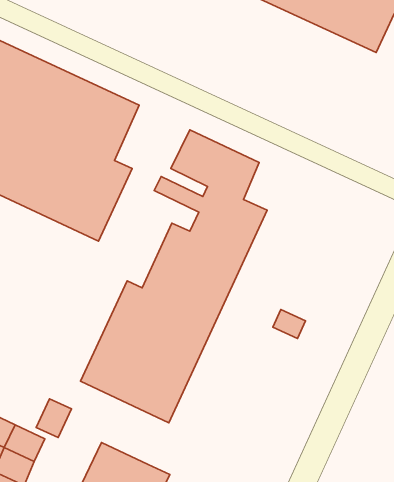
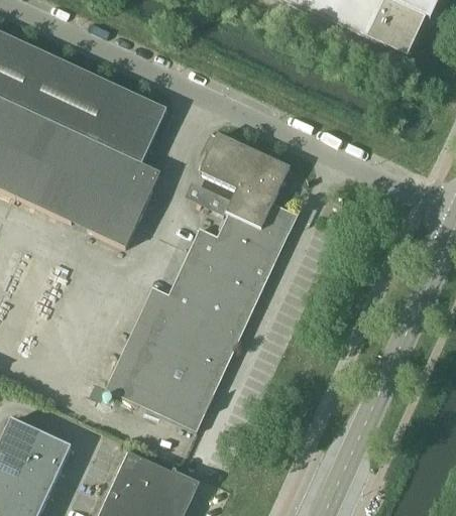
building: [273,309,305,339] -> none
building: [36,399,71,437] -> none

